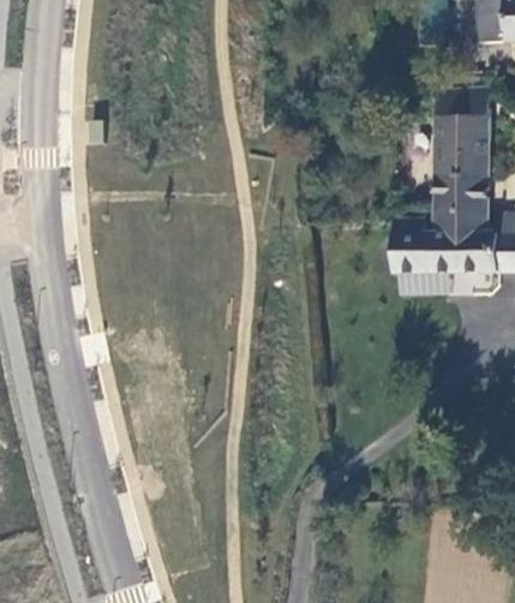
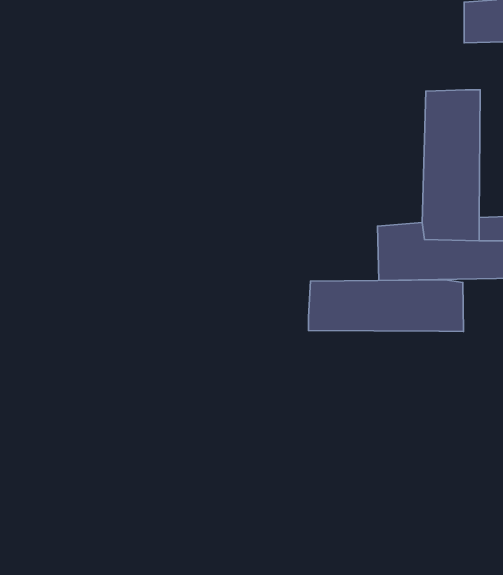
building: none -> [308,280,463,332]

